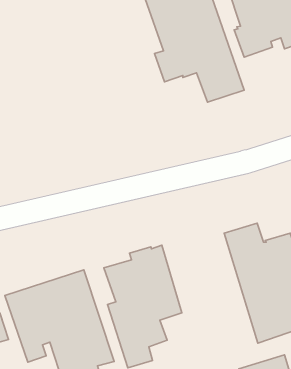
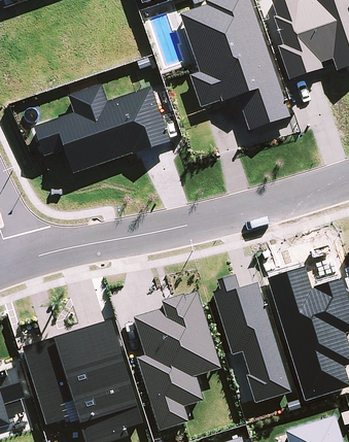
building: none -> [33,84,169,173]
building: none -> [212,274,290,402]

